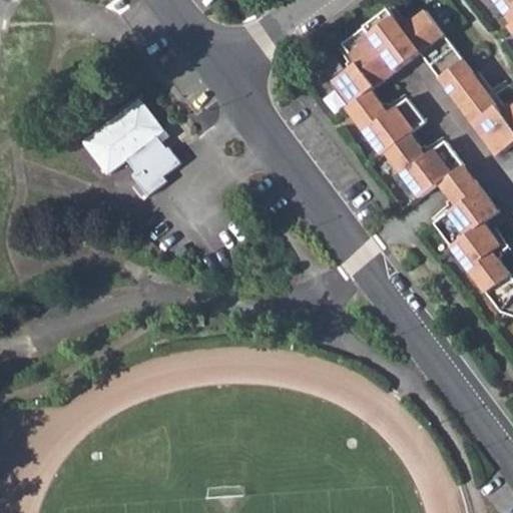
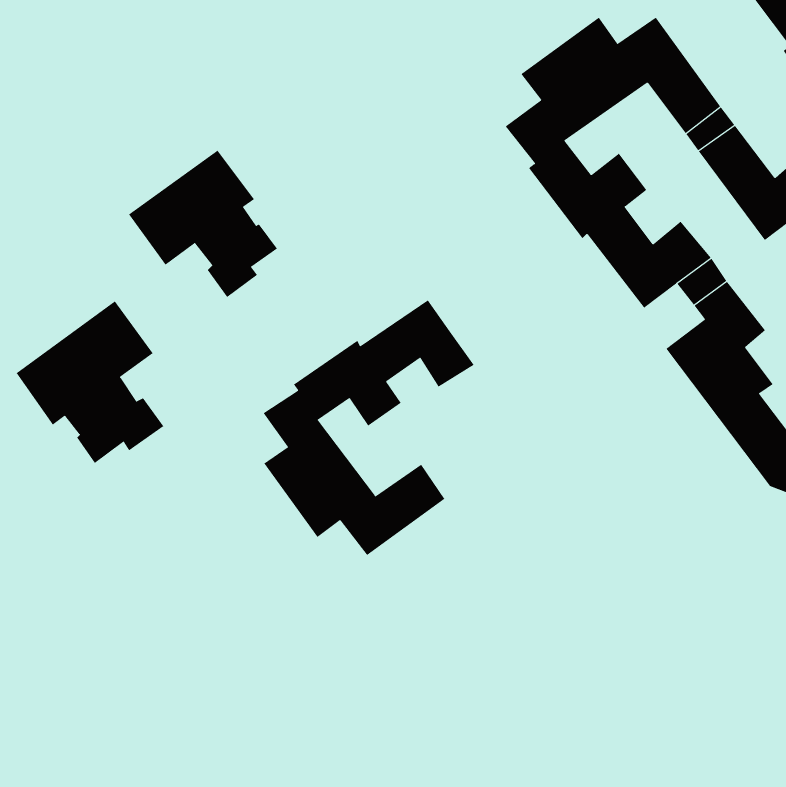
building: none -> [263,299,474,556]
building: none -> [16,301,164,464]

